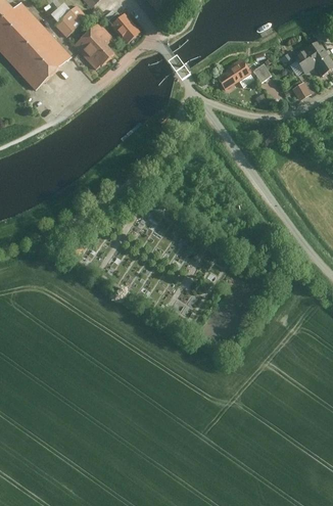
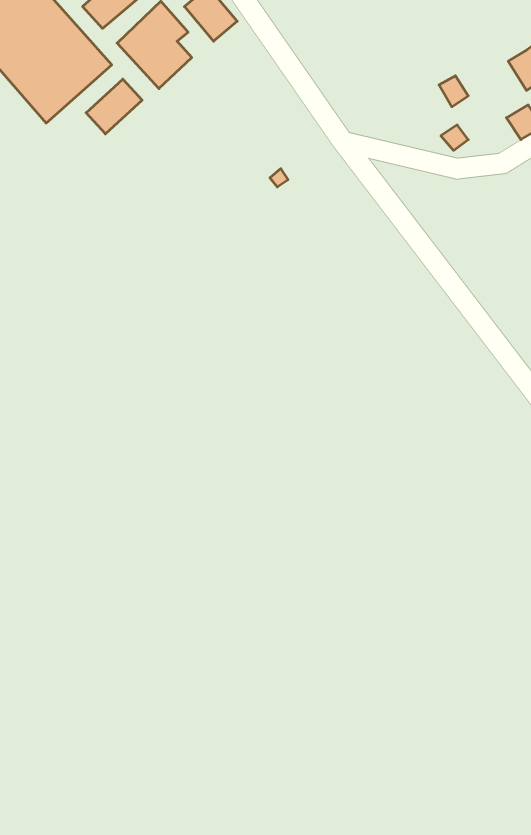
building: [217,57,250,89] -> none
building: none -> [86,79,142,134]

